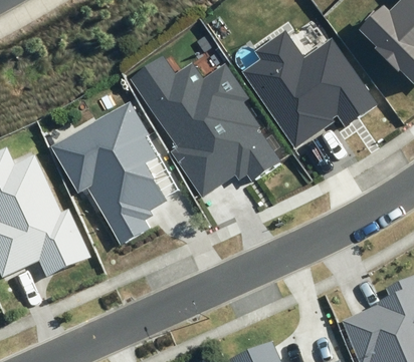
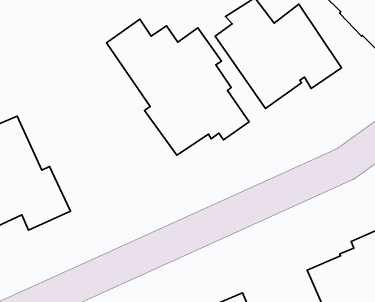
building: [50,99,168,244] -> none

